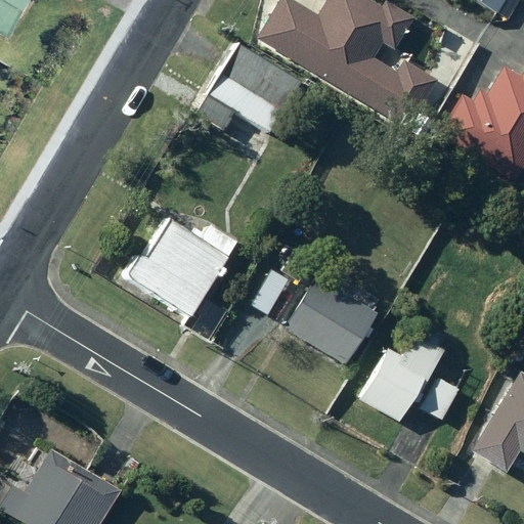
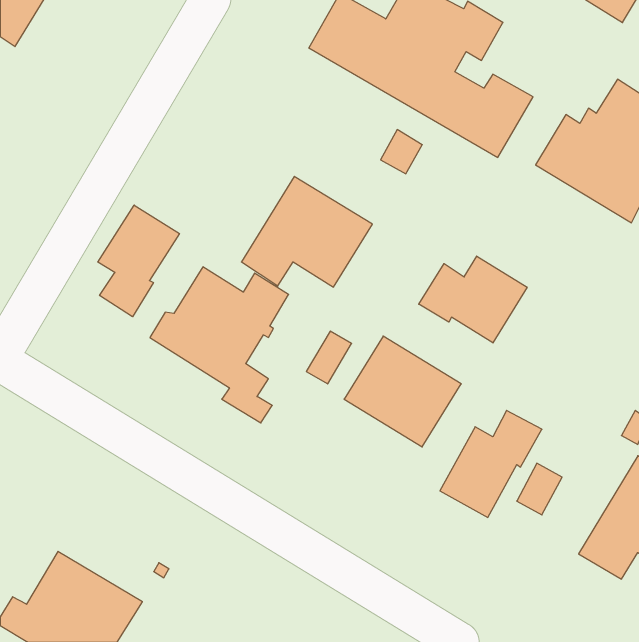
building: [195,41,302,131] -> [241,176,372,287]
building: none -> [98,205,179,317]
building: none -> [419,256,527,343]

